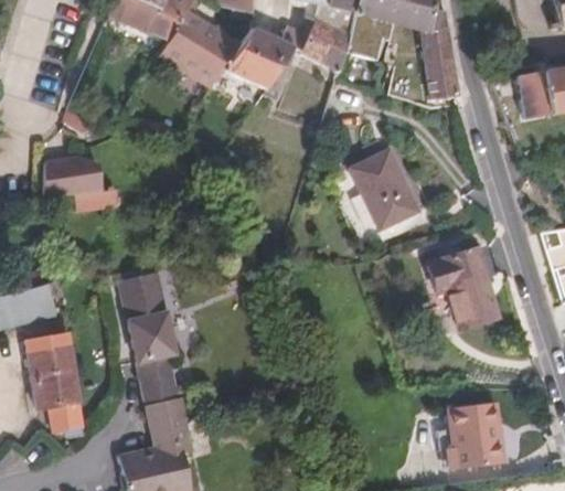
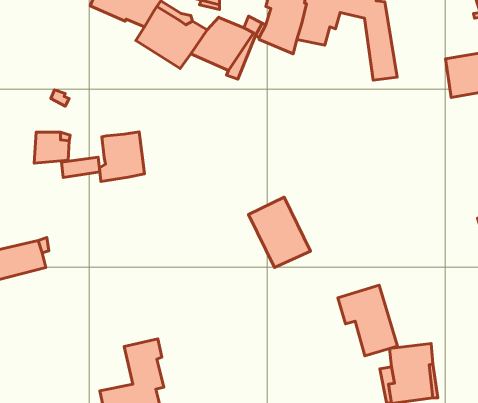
building: [350,148,420,228] -> [249,197,310,268]
building: none -> [100,132,145,181]
building: [429,247,498,328] -> [338,285,398,356]
building: [119,271,185,404] -> none
building: [28,332,84,437] -> none

